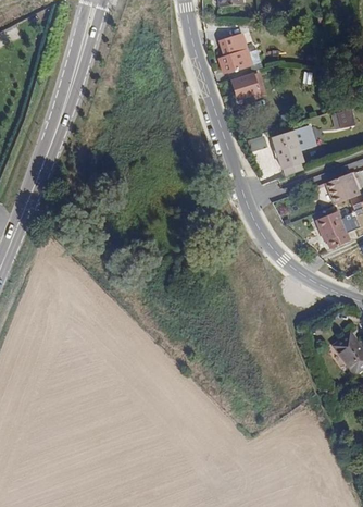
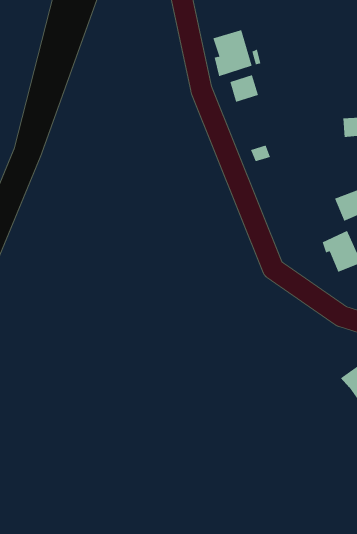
building: [270,122,313,173] -> none

